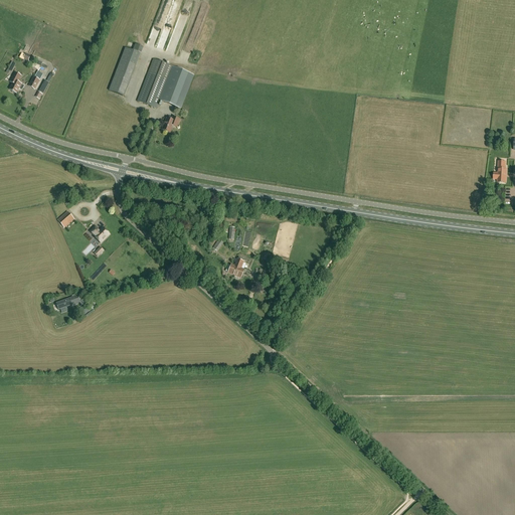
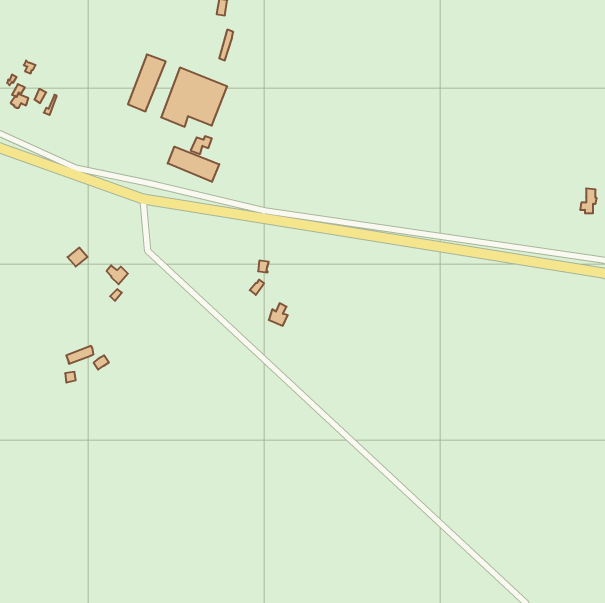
building: none -> [168,147,219,182]

